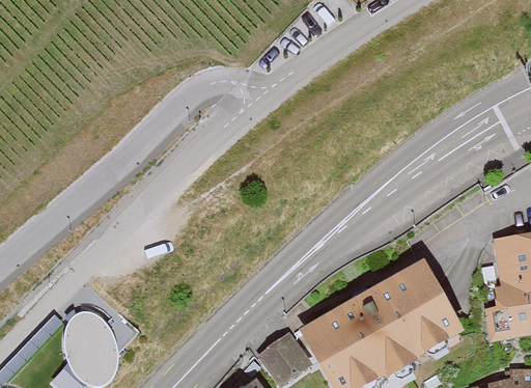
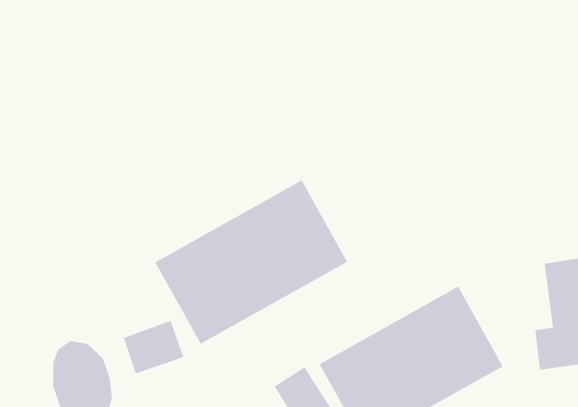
building: none -> [154,180,348,345]
building: none -> [123,320,184,374]

